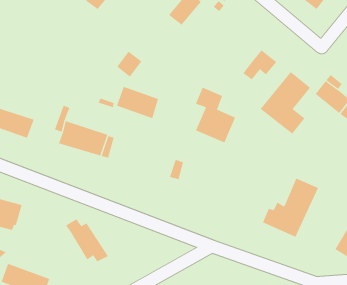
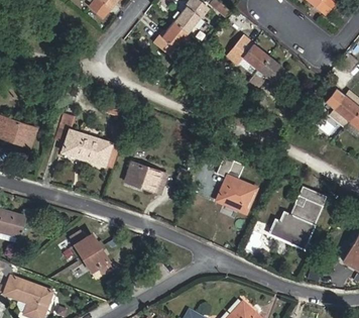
building: none -> [227,36,268,71]
building: [116,51,142,77] -> [161,21,188,48]
building: [260,71,311,135] -> none
building: [116,86,159,119] -> [124,161,167,194]
building: [195,87,236,143] -> [216,155,257,213]

